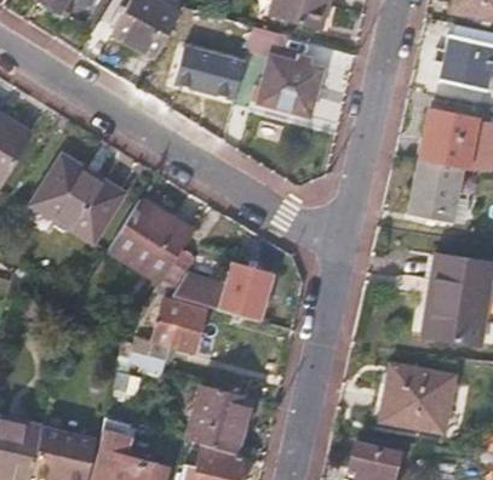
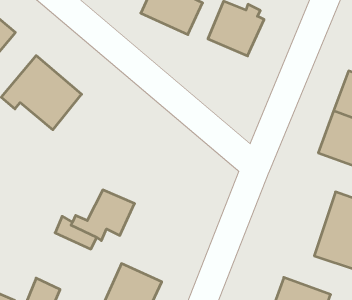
building: [109,196,191,280] -> none
building: [176,263,274,320] -> none

